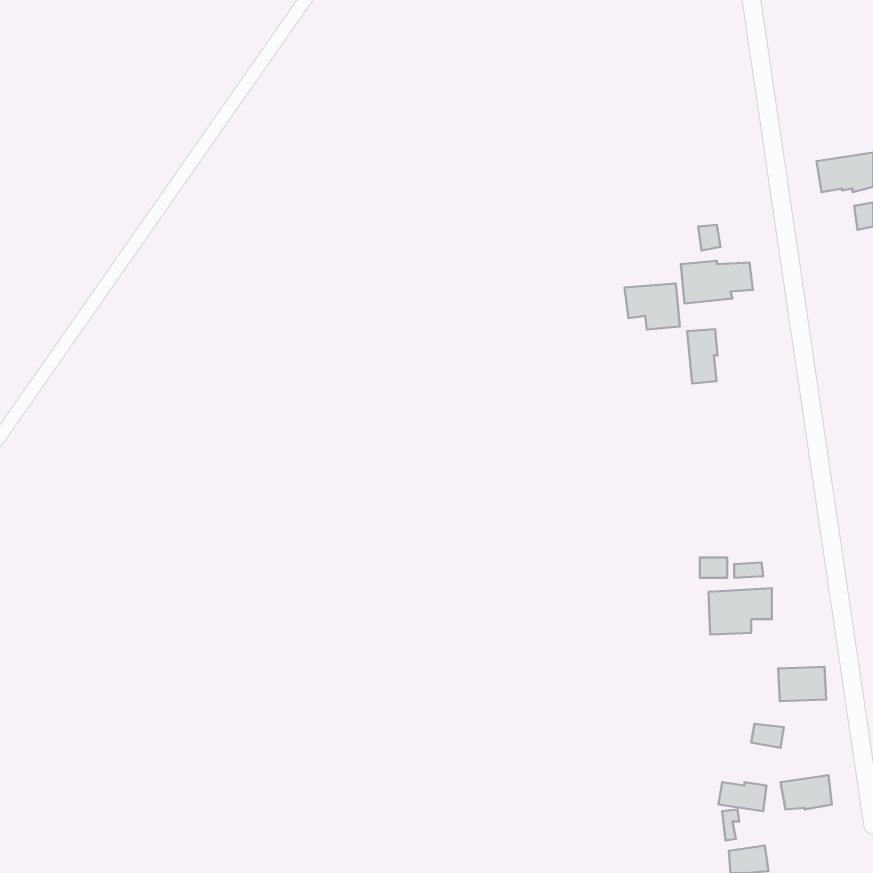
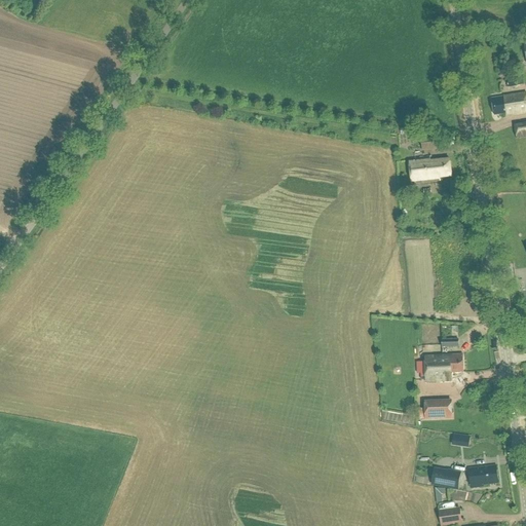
building: [625,283,680,330] -> none
building: [687,329,718,384] -> none
building: [778,667,826,701] -> [422,398,451,418]

